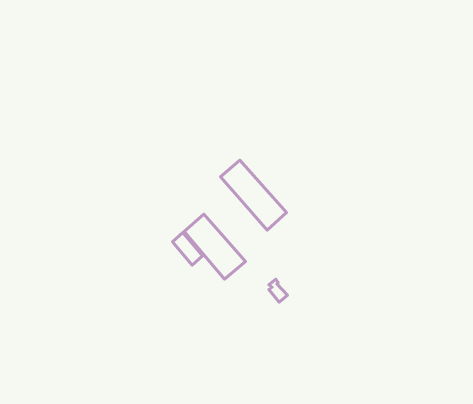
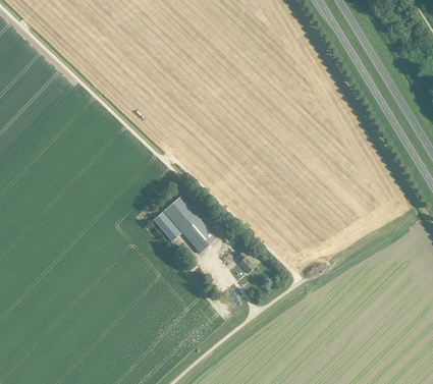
building: [220,160,286,230] -> none

